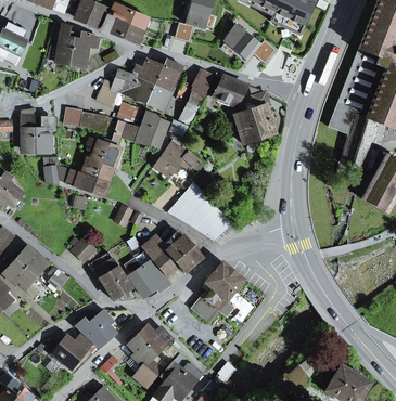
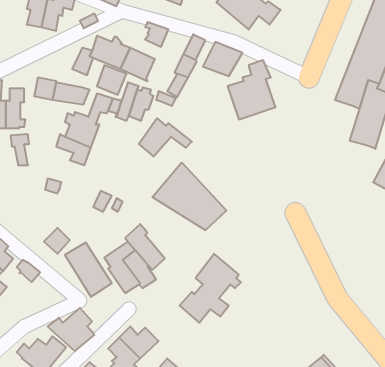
building: [136,59,175,91] -> none
building: [59,167,107,196] -> none
building: [161,231,202,273] -> none

